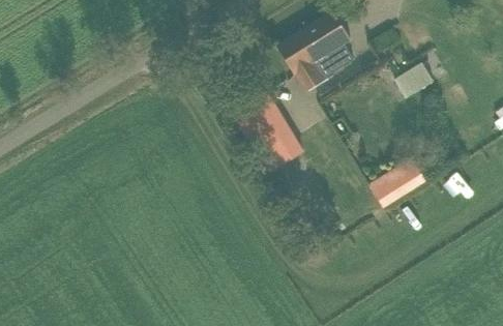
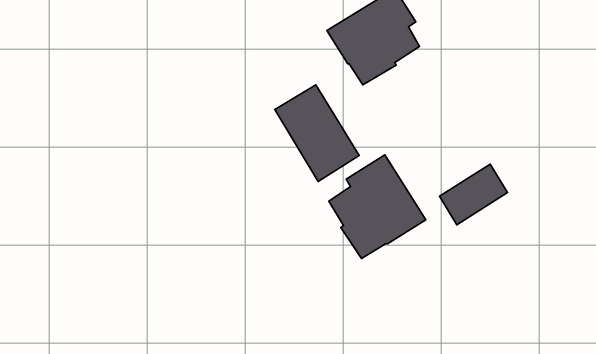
building: [395,62,434,97] -> none
building: none -> [329,155,426,258]

